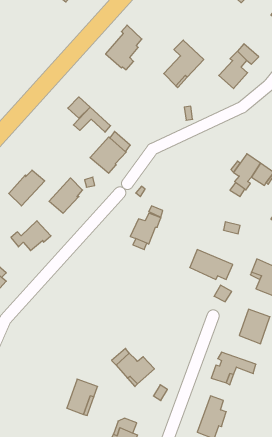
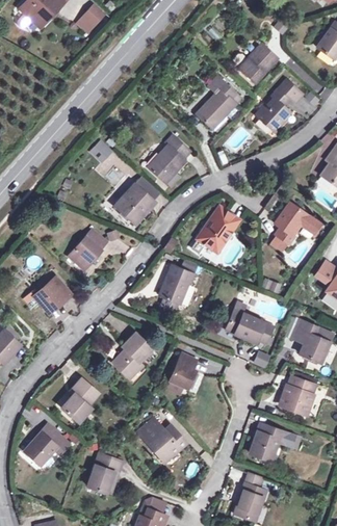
building: none -> [233,44,277,82]
building: [106,25,142,70] -> [148,135,188,185]
building: none -> [197,207,238,252]
building: [9,170,45,206] -> none
building: none -> [112,333,151,378]
building: none -> [170,353,196,388]
building: none -> [60,378,98,422]
building: none -> [23,426,61,467]

